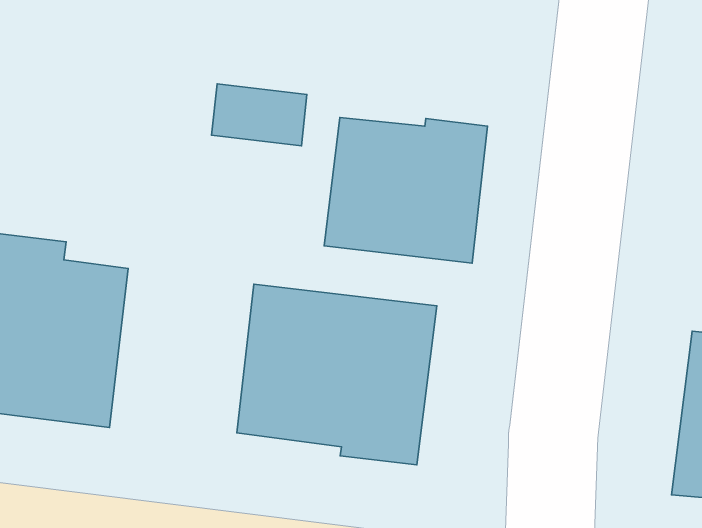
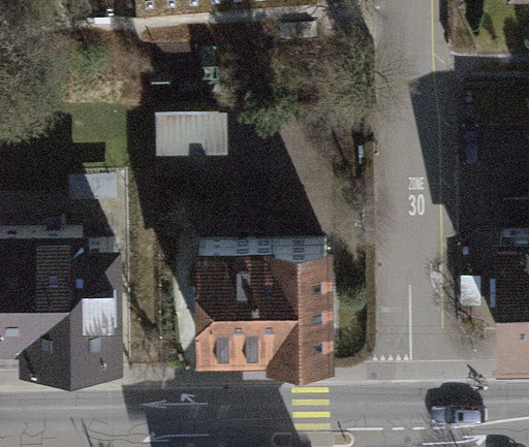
building: [324,118,488,263] -> none

